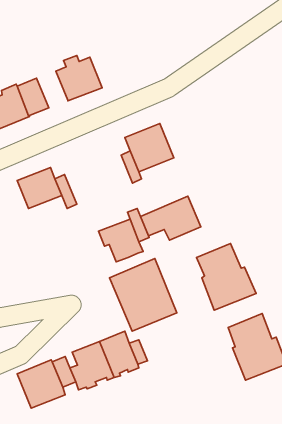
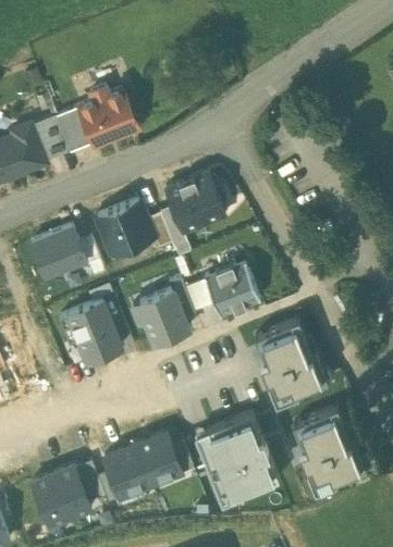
building: none -> [54,107,94,152]
building: none -> [96,200,152,254]
building: none -> [57,299,123,365]
building: [109,259,177,331] -> [194,412,278,502]

